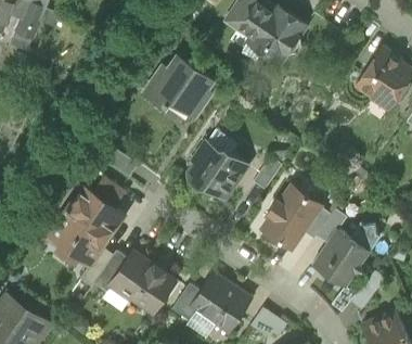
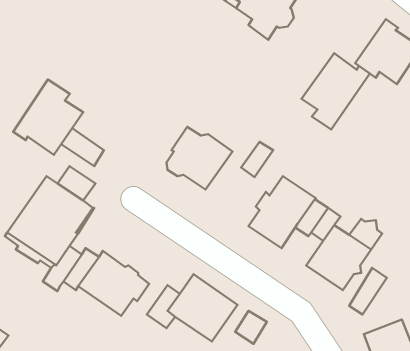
building: [145,56,213,116] -> none
building: none -> [302,53,370,130]
building: none -> [13,79,83,155]

